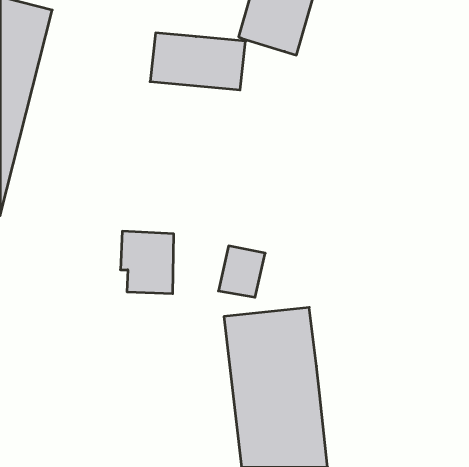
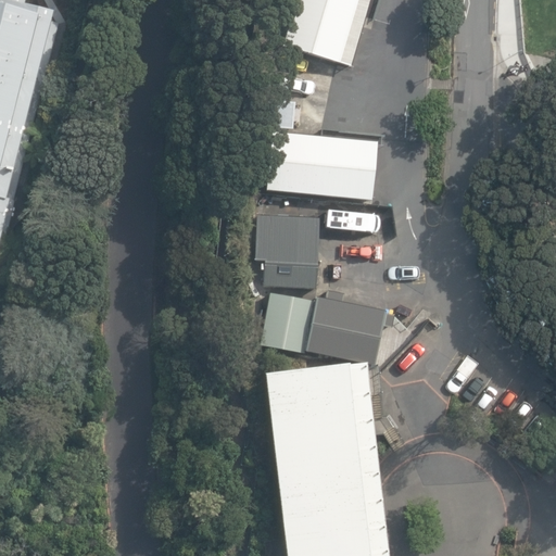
building: [150,33,246,90] -> [265,131,378,199]
building: [120,231,174,294] -> [255,214,318,288]
building: none -> [306,291,395,366]

